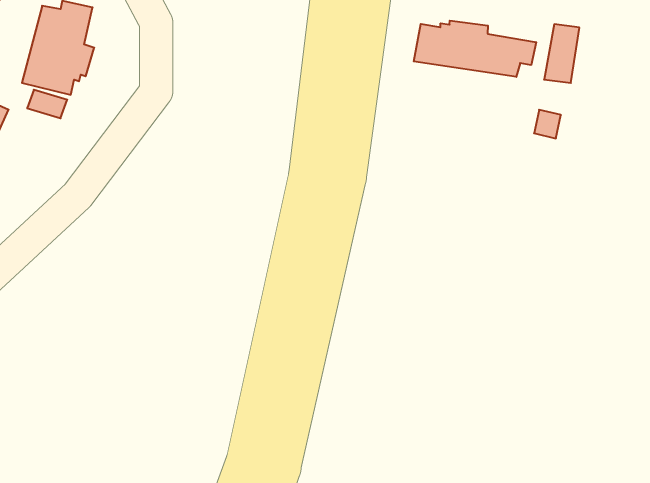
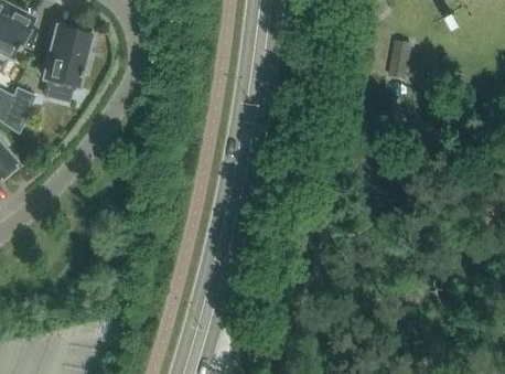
building: [414,21,536,77] -> none

